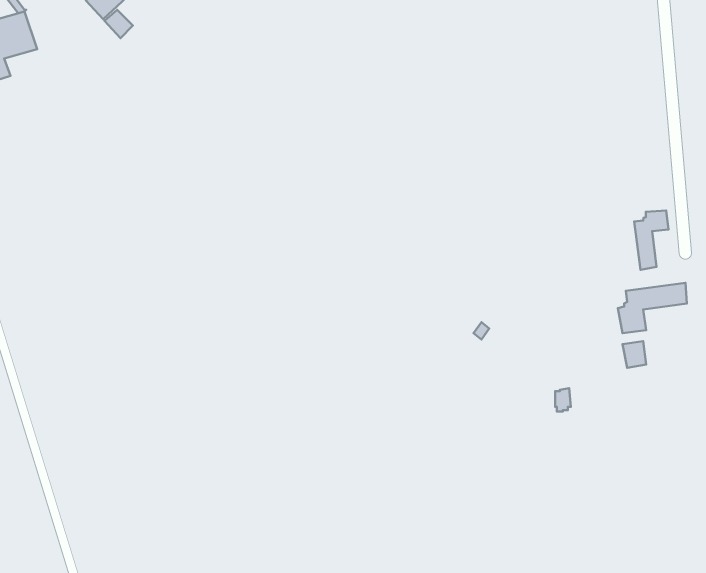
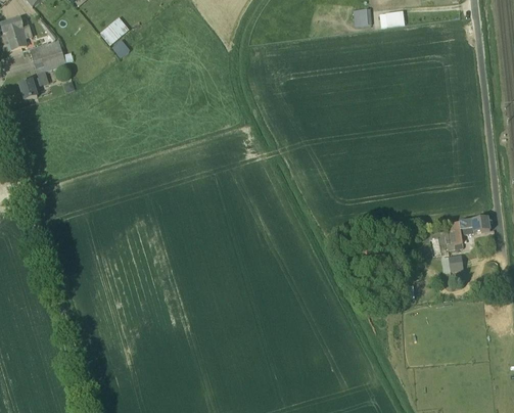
building: [634,210,669,270] -> none

